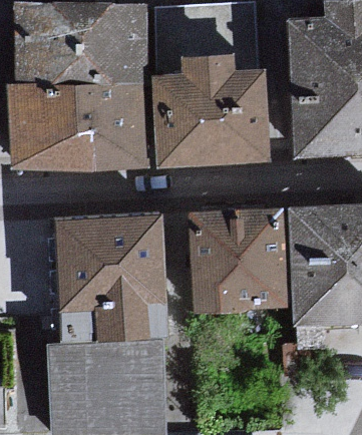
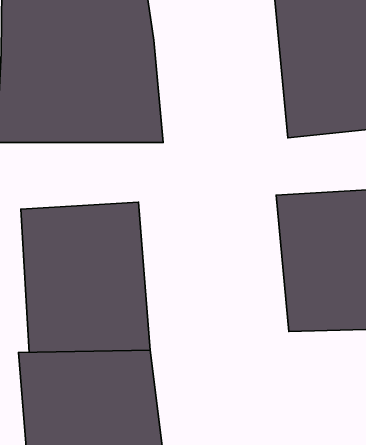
building: [164,50,260,163] -> none
building: [179,208,275,313] -> none

